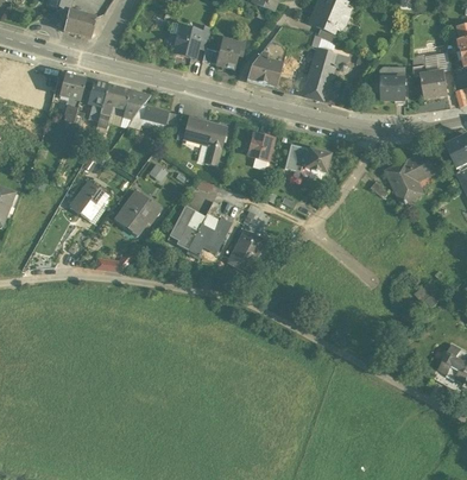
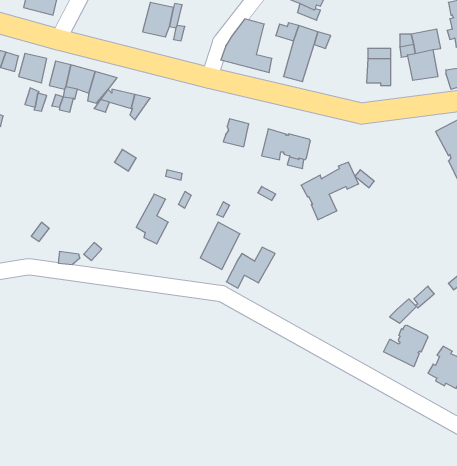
building: [215,38,245,68] -> none
building: [182,115,227,166] -> none
building: [386,150,440,203] -> [301,162,359,220]
building: [69,181,108,221] -> none
building: [114,192,160,233] -> none
building: [187,217,232,255] -> [226,247,275,288]
building: none -> [384,325,428,367]

